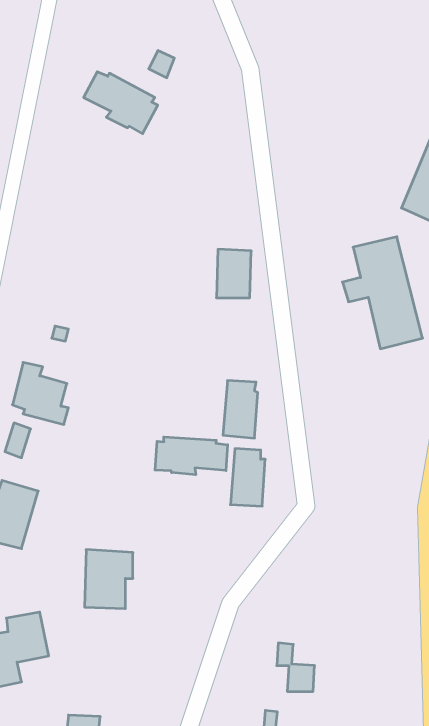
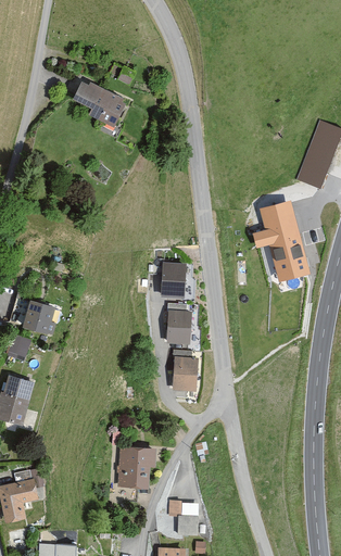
building: [216,249,251,298] -> [163,262,188,296]
building: [155,437,228,475] -> none
building: [85,550,133,609] -> [121,446,155,489]
building: [277,643,315,691] -> [171,500,198,534]

